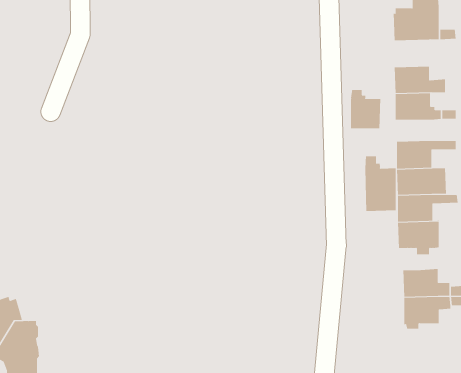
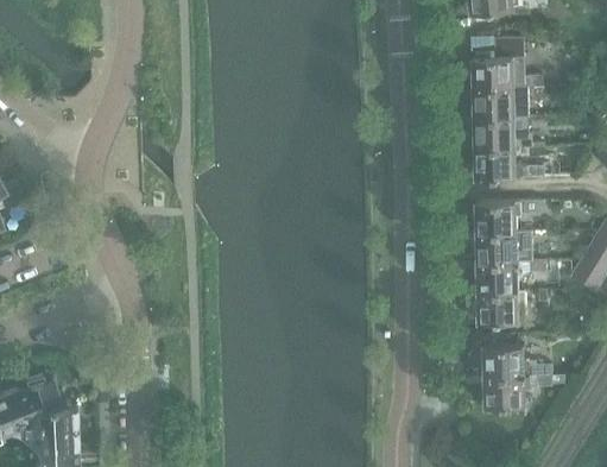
building: none -> [473,88,513,119]
building: [351,89,381,129] -> none
building: [365,155,396,212] -> none

